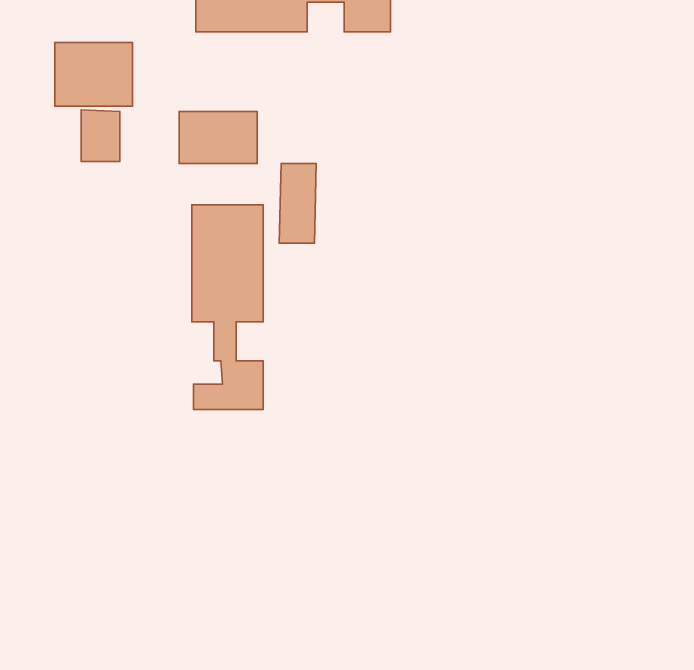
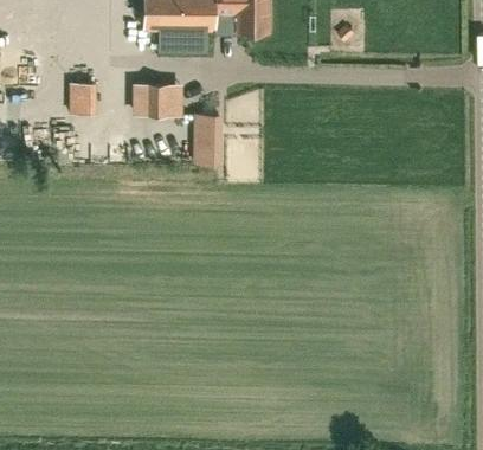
building: [55,42,132,106] -> none
building: [192,205,263,410] -> none

